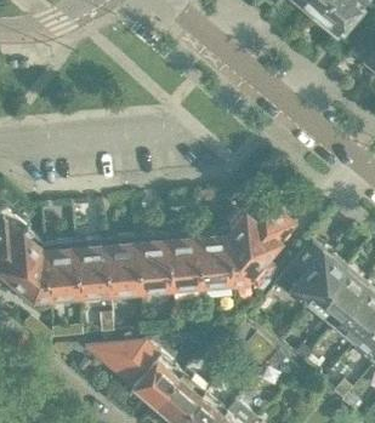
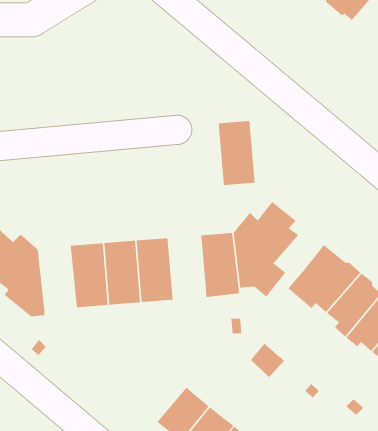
building: [166,233,201,293] -> [218,121,255,185]
building: [45,242,80,303] -> none
building: [100,343,183,407] -> none

